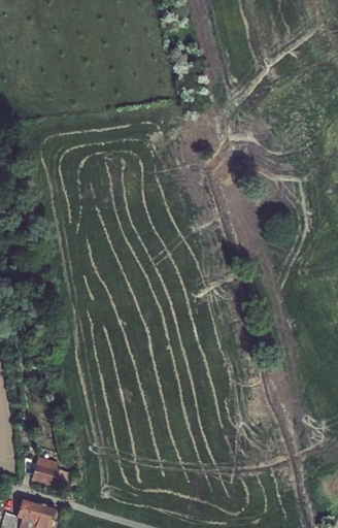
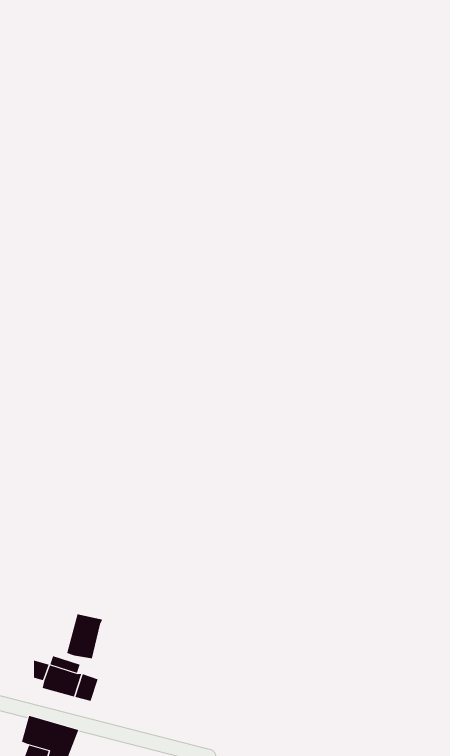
building: none -> [66,613,103,659]

